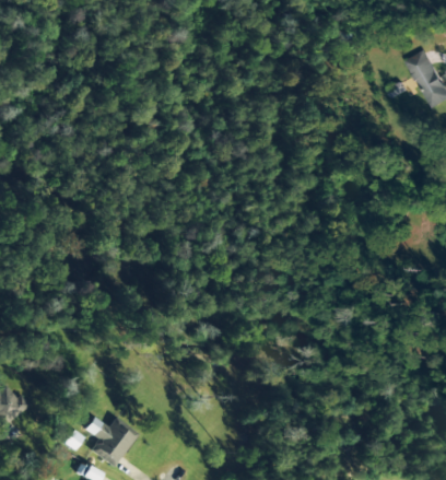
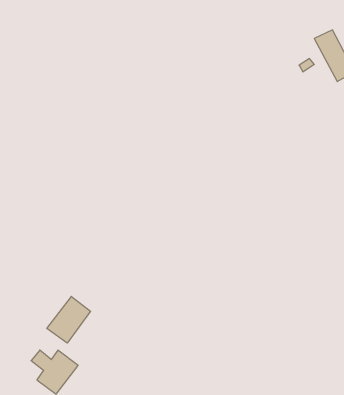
building: none -> [47,296,91,343]

